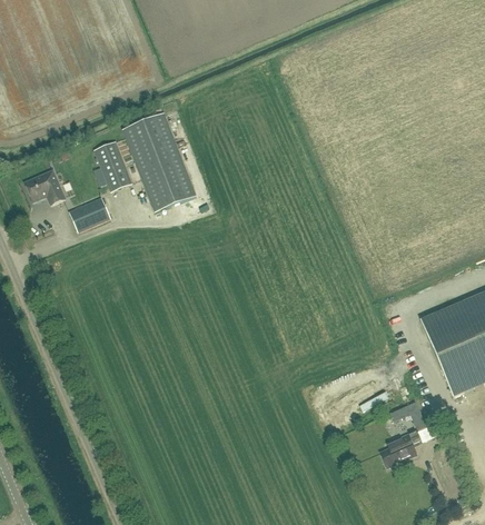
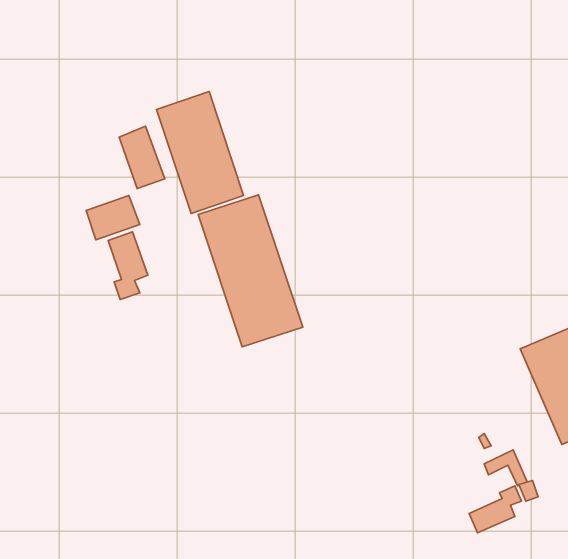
building: [22,170,63,205] -> none
building: none -> [198,195,303,347]
building: none -> [108,232,148,299]

